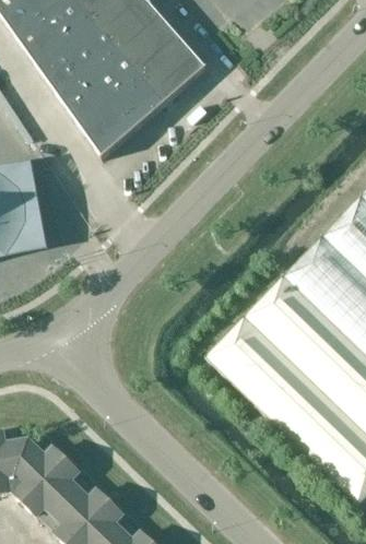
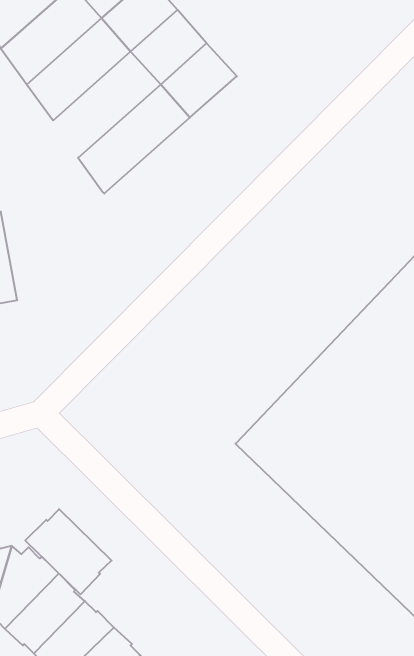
building: [62,47,147,131] -> none
building: none -> [25,509,112,594]

